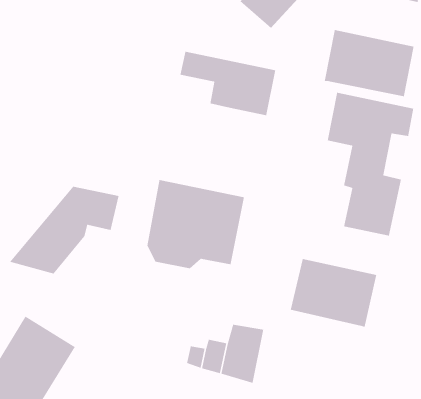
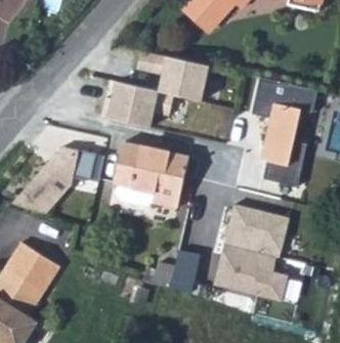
building: [324,29,414,97] -> none
building: none -> [110,78,175,123]
building: none -> [211,242,286,300]

